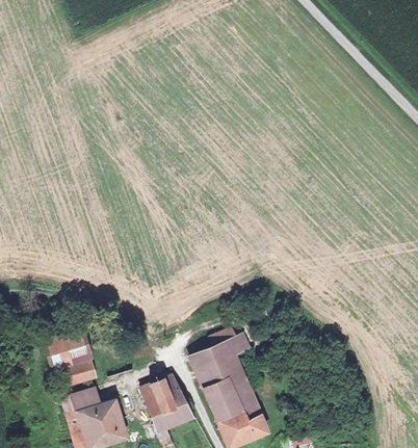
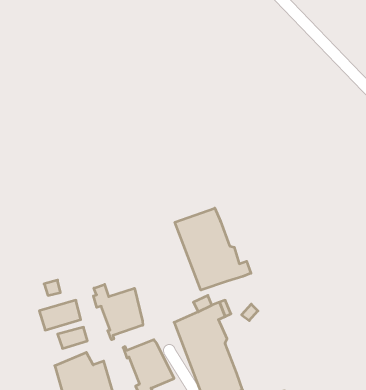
building: none -> [175,208,251,290]
building: none -> [93,284,143,340]

